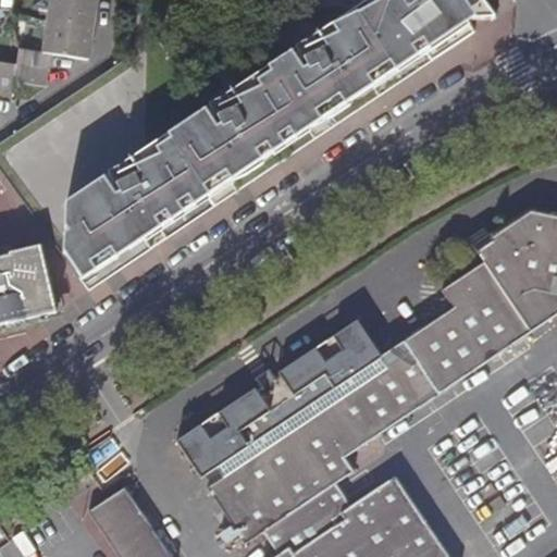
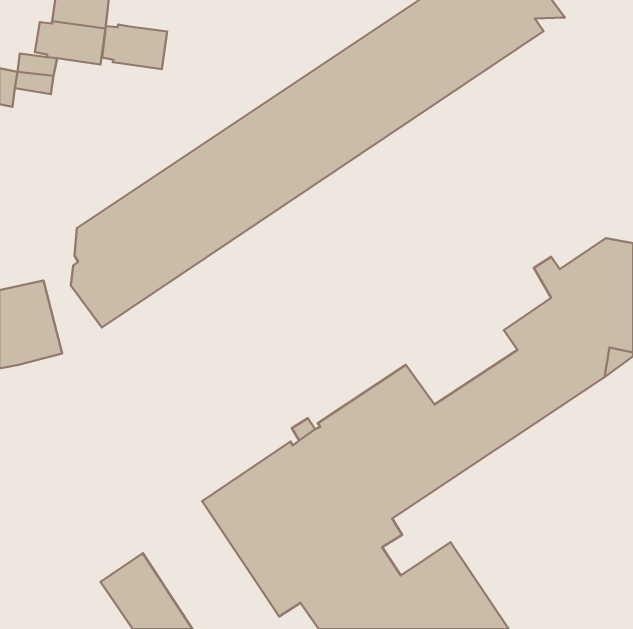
building: none -> [102,25,167,69]

